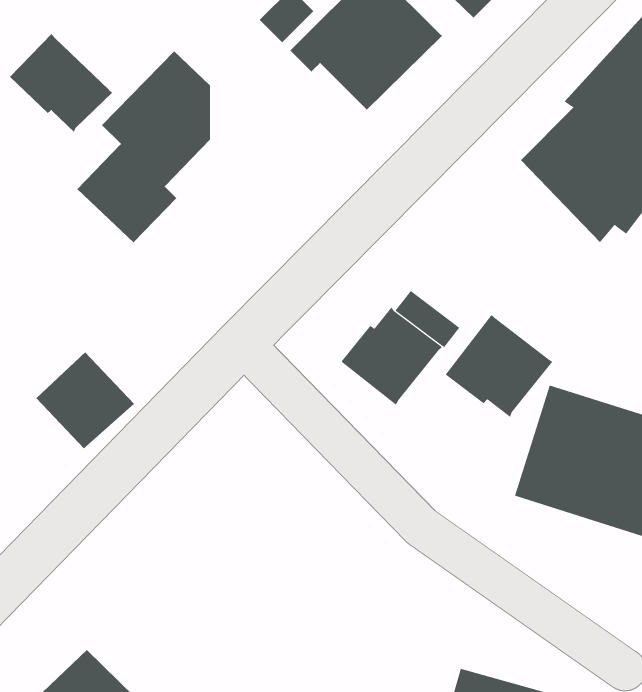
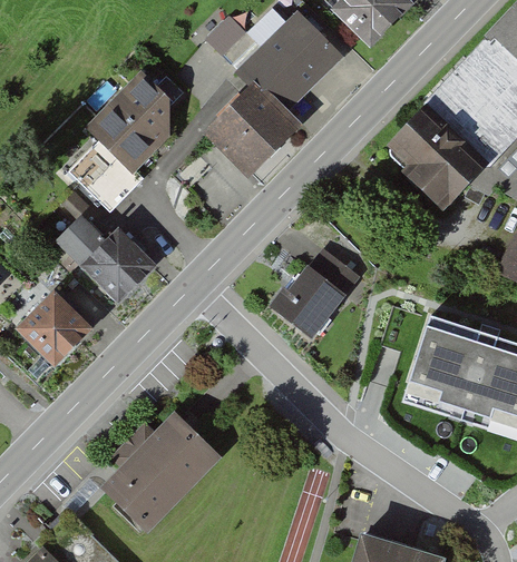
building: [9,33,113,133] -> none
building: none -> [201,76,299,172]
building: none -> [53,209,156,298]
building: [445,314,553,418] -> none
building: none -> [101,415,218,533]

